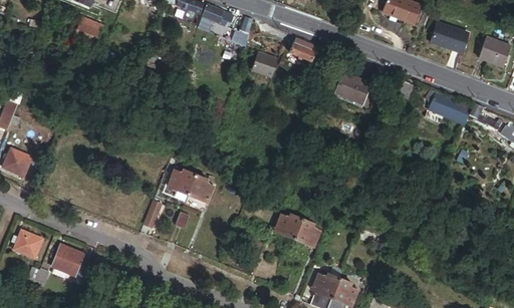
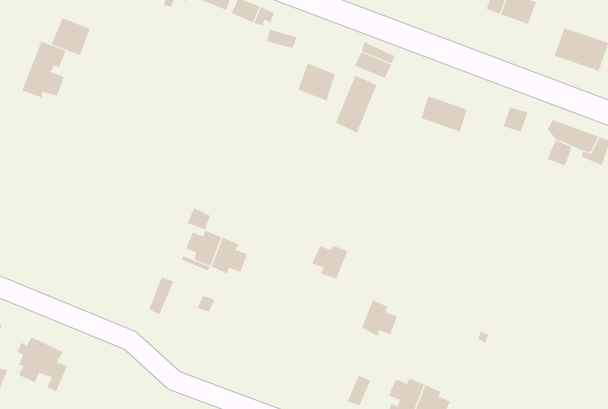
building: none -> [21,41,66,98]
building: none -> [335,75,377,133]
building: [276,214,302,238] -> [311,245,348,279]

